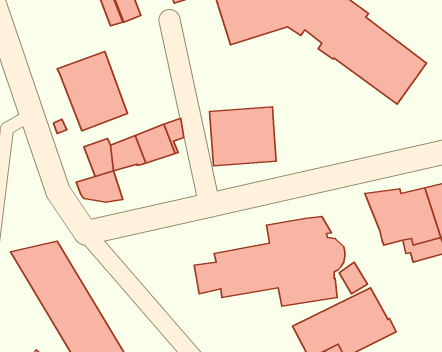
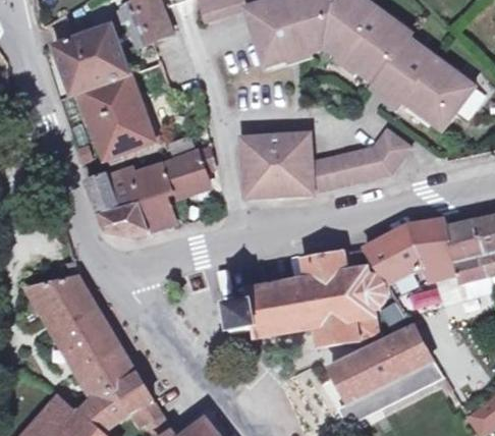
building: none -> [54,24,129,94]
building: none -> [311,127,410,190]
building: none -> [86,172,119,213]
building: none -> [139,194,176,231]
building: none -> [365,225,426,283]

